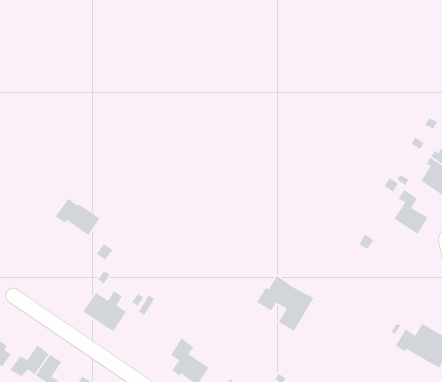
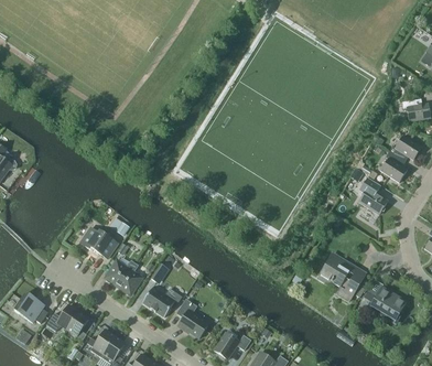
building: [55,198,101,236] -> [80,227,118,258]
building: [256,275,314,332] -> [318,255,366,301]
building: none -> [143,287,183,317]

